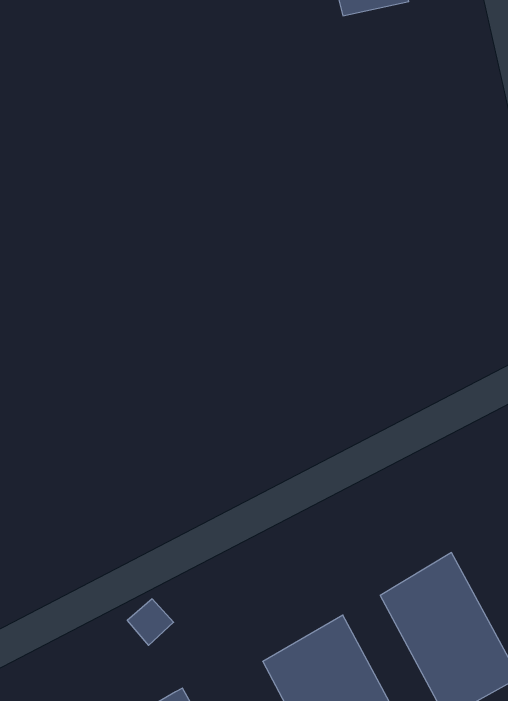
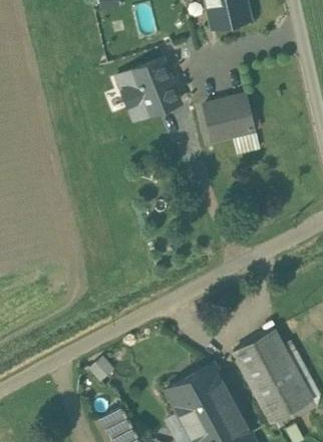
building: none -> [118,61,180,120]
building: none -> [205,96,254,141]

